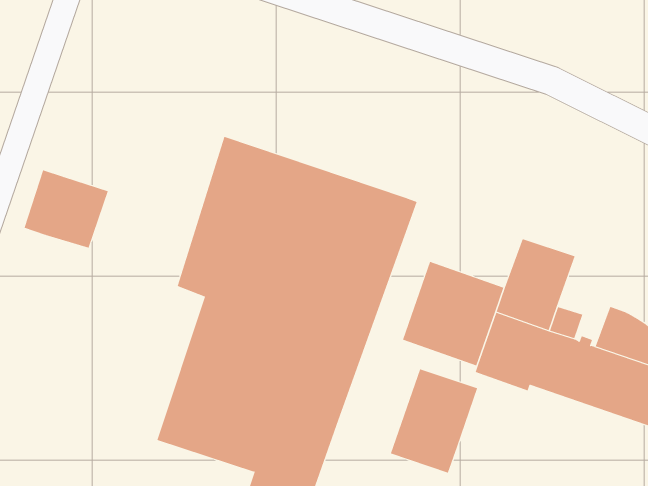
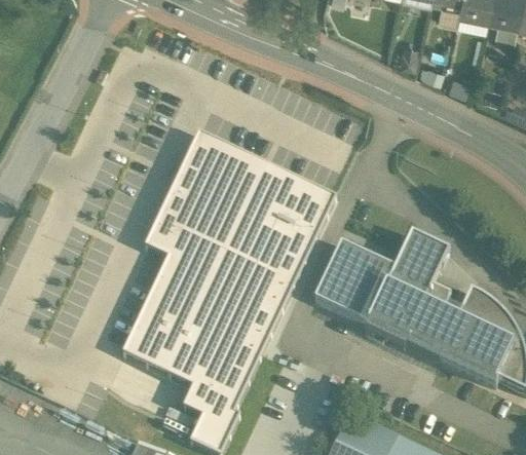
building: [24,169,109,249] -> none
building: [390,368,478,473] -> none

